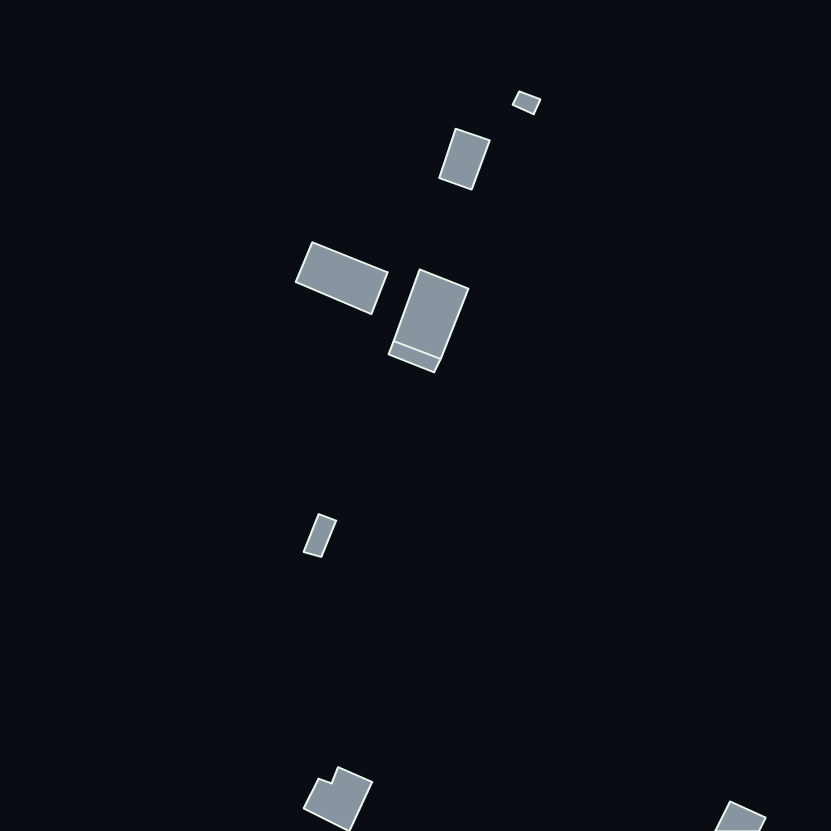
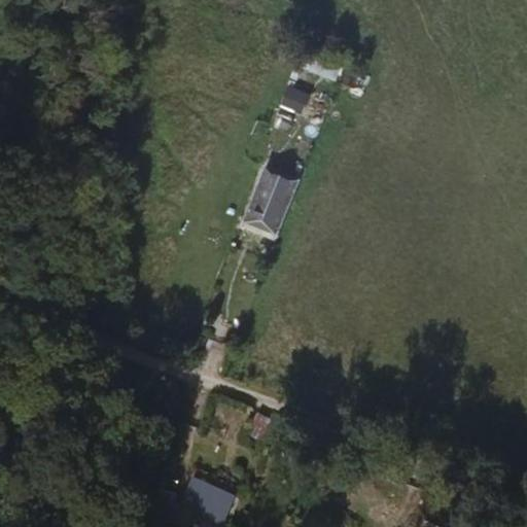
building: [296,242,388,314] -> none

